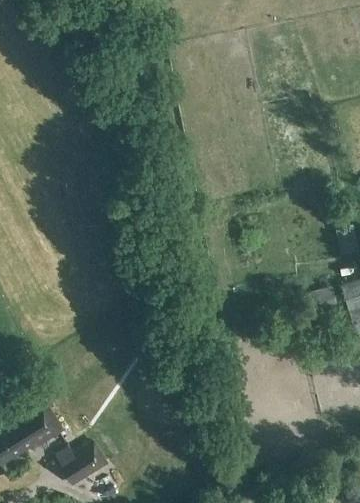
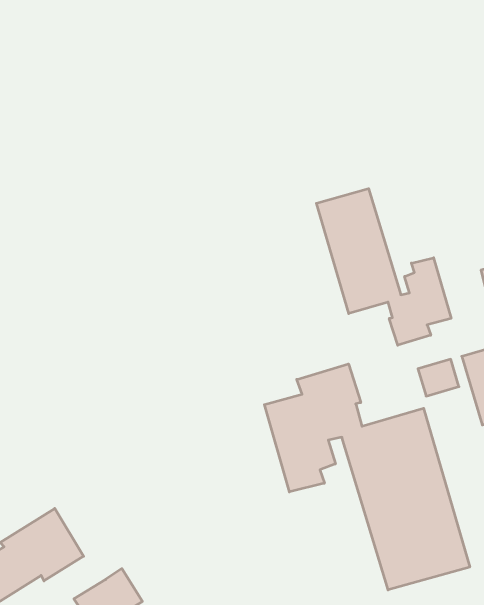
building: none -> [316,189,451,345]
building: none -> [264,364,470,590]

